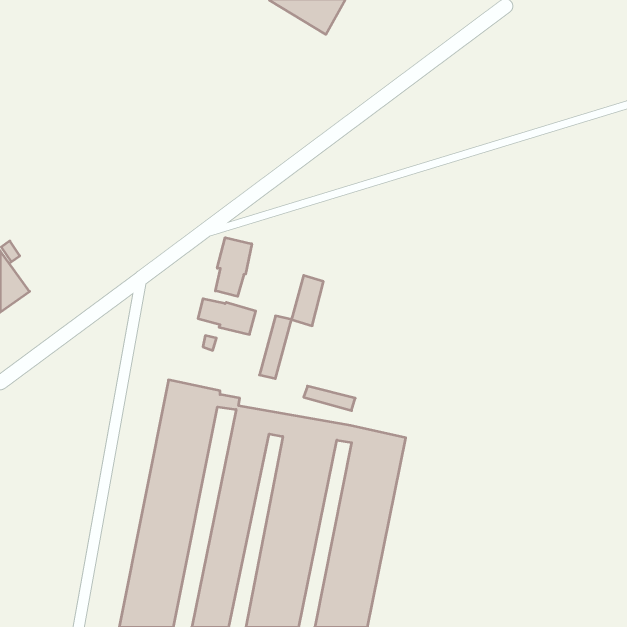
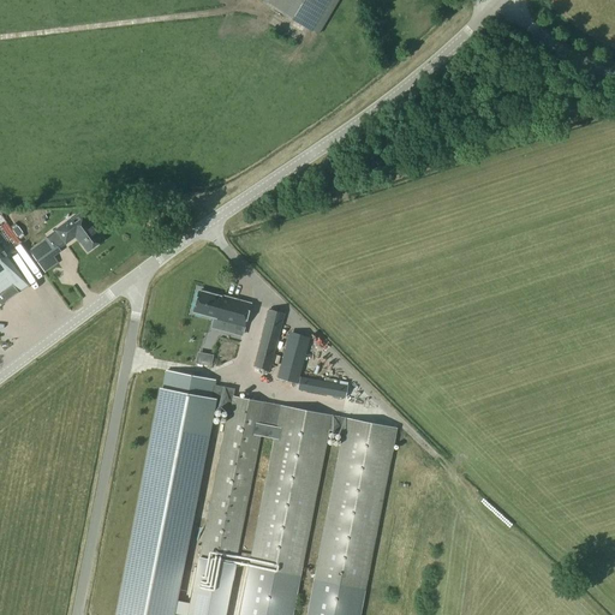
building: none -> [31,213,105,273]
building: [215,238,252,296] -> none
building: [291,275,323,326] -> [279,334,310,383]

